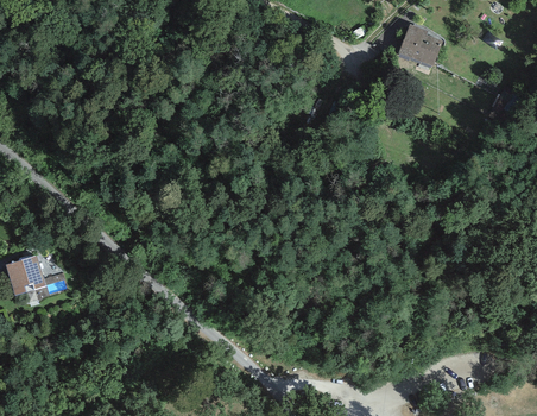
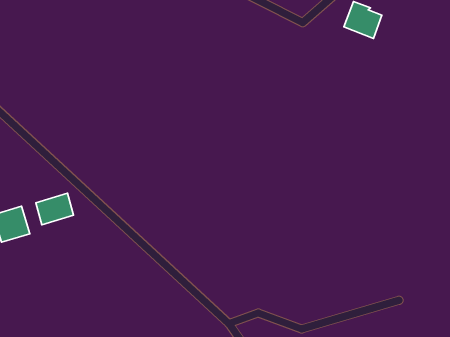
building: none -> [36,193,74,225]

